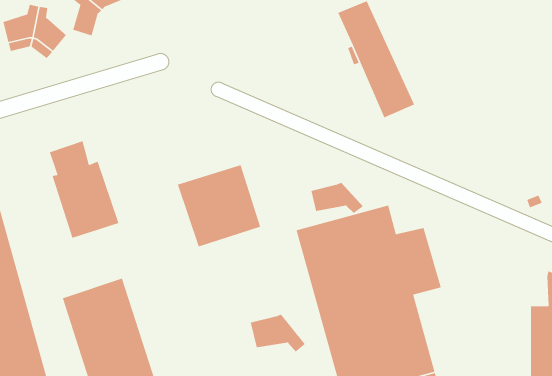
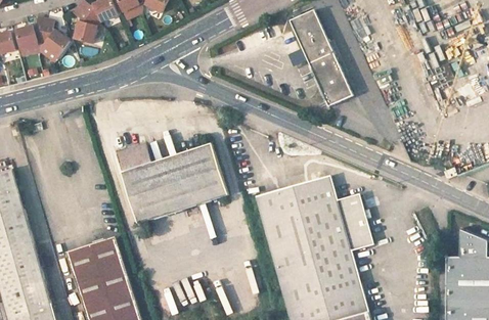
building: [49,140,120,239] -> [119,143,176,223]
building: [310,182,364,214] -> none
building: [250,313,306,353] -> none

